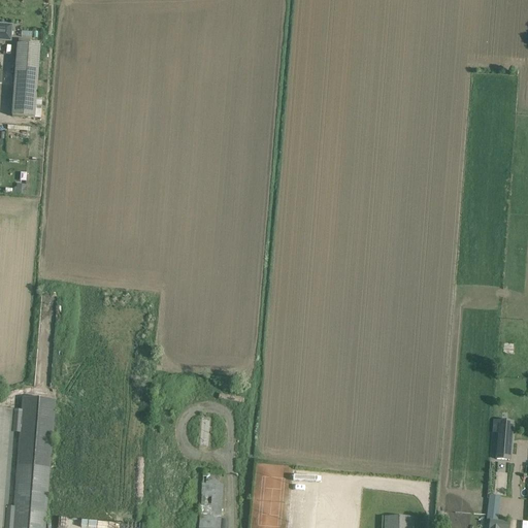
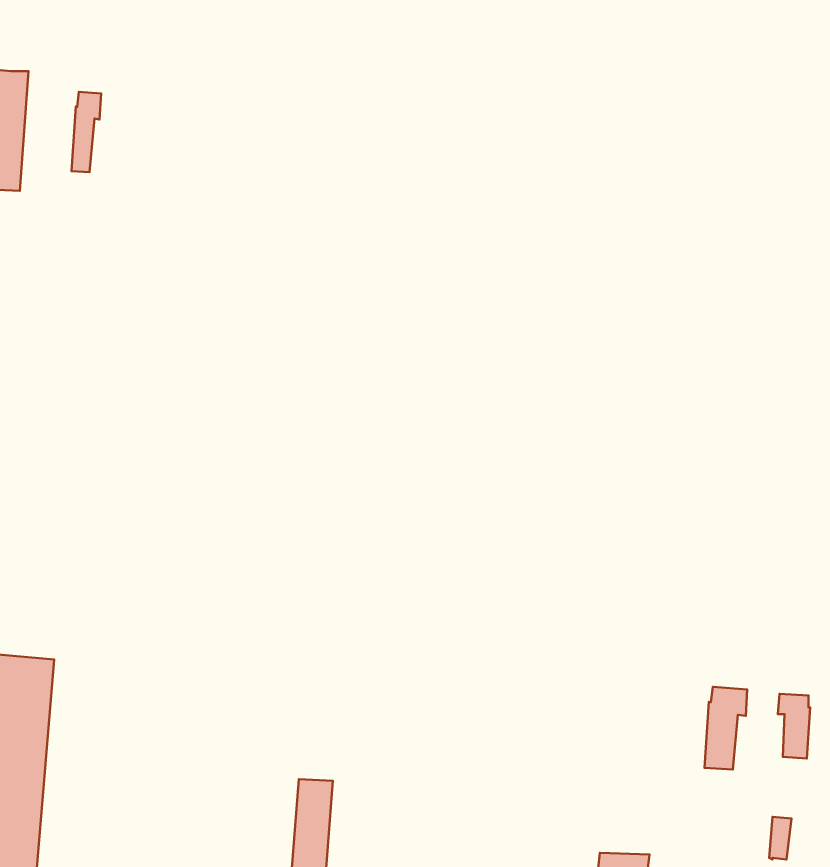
building: none -> [71,92,101,172]
building: none -> [705,687,747,770]

